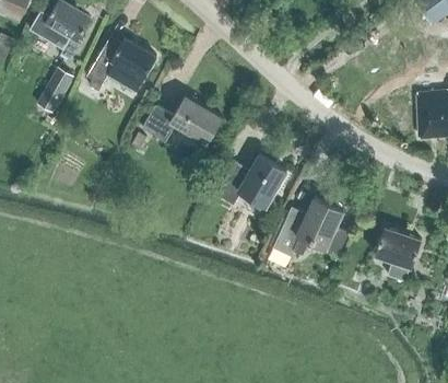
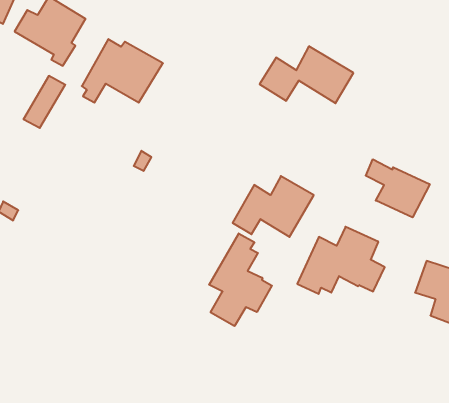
building: [141,95,222,144] -> [260,46,353,103]
building: none -> [366,159,430,217]
building: none -> [209,233,272,326]

